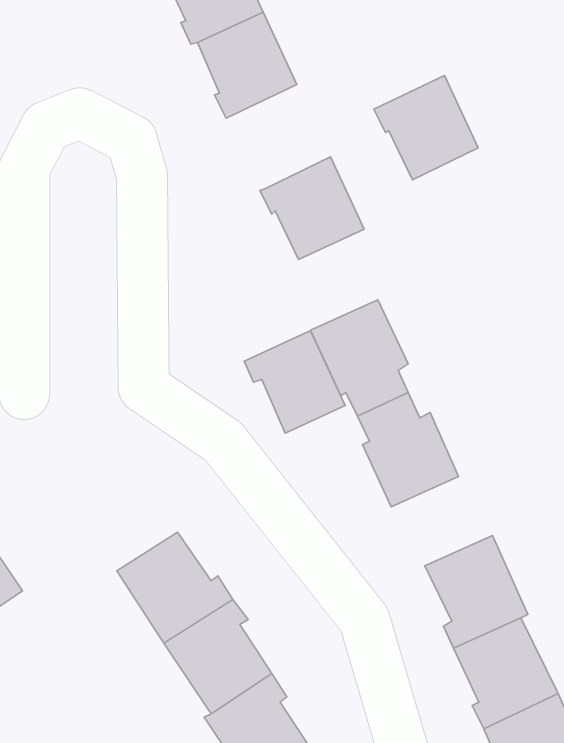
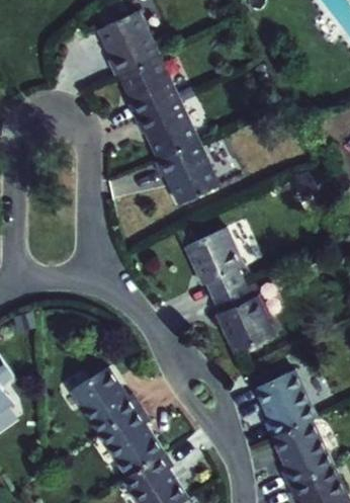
building: [374,75,478,180] -> [137,98,199,161]
building: [244,331,345,433] -> none

